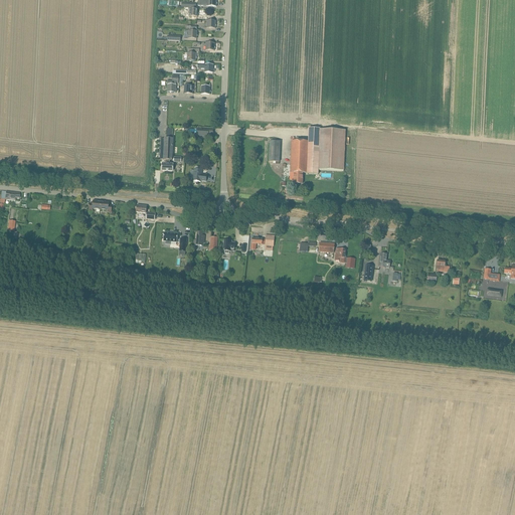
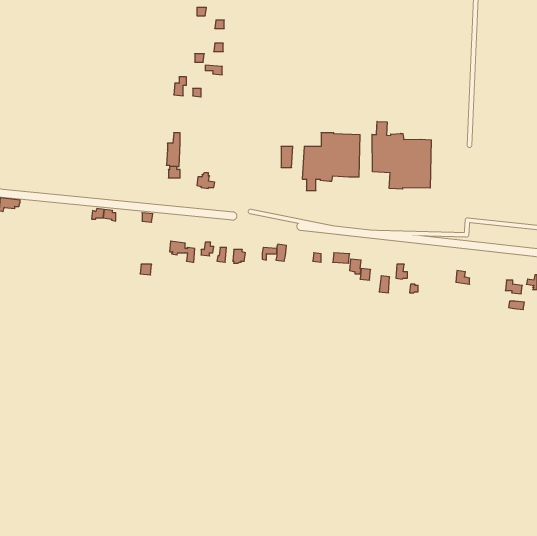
building: none -> [372,121,431,189]

